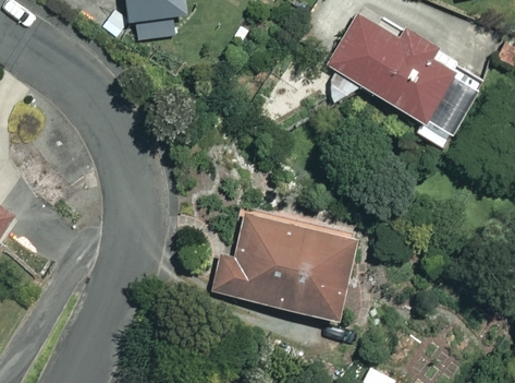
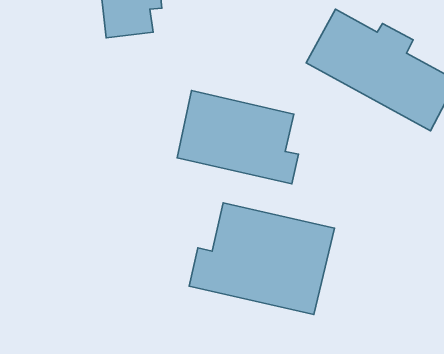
building: none -> [177,91,298,184]

